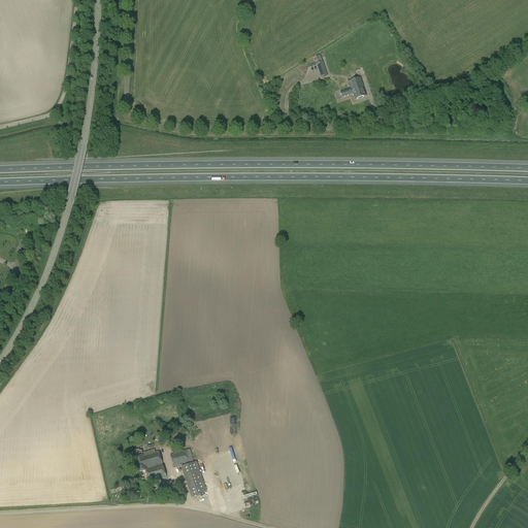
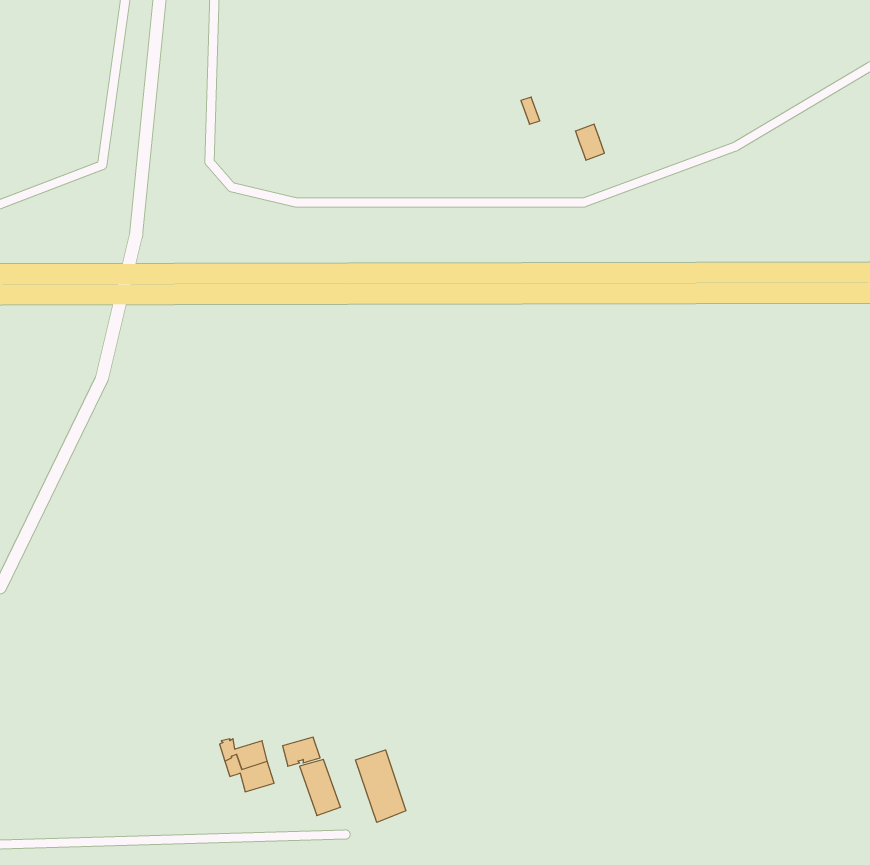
building: none -> [355,750,406,822]

